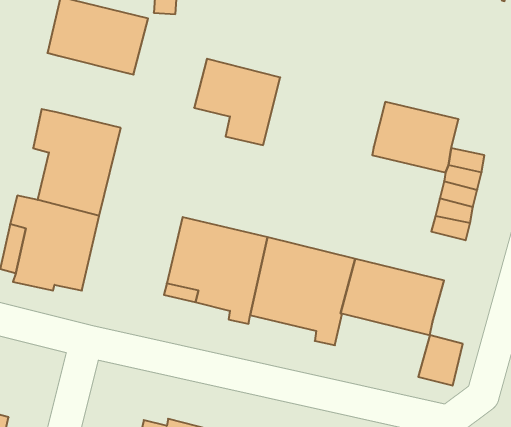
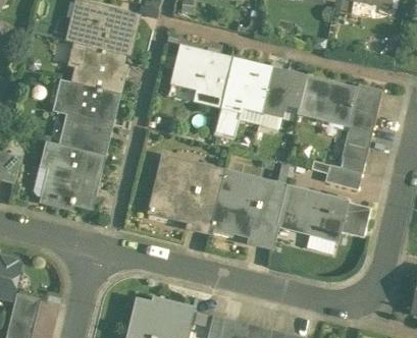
building: none -> [69,43,123,94]
building: none -> [213,58,306,137]
building: none -> [353,84,382,113]
building: none -> [323,164,363,189]
building: [418,335,463,386] -> [340,202,371,237]

